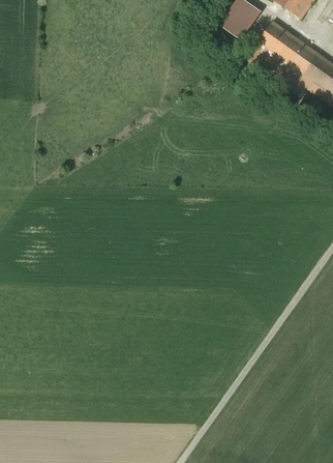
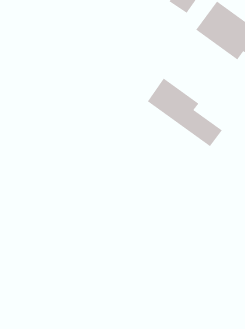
building: none -> [147,77,223,147]

